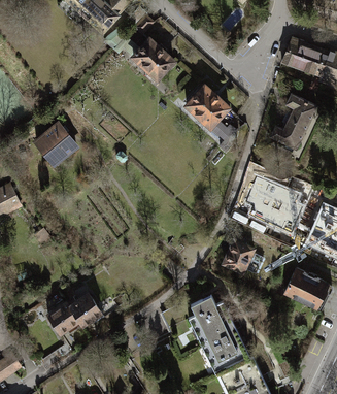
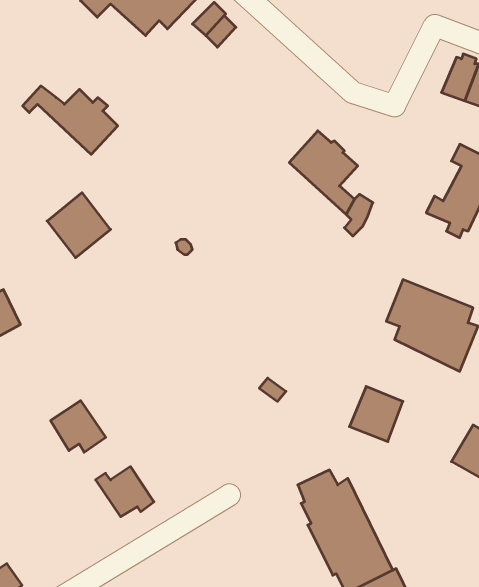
building: [113,36,172,78] -> [23,86,118,154]
building: [47,300,81,332] -> [51,401,106,452]

